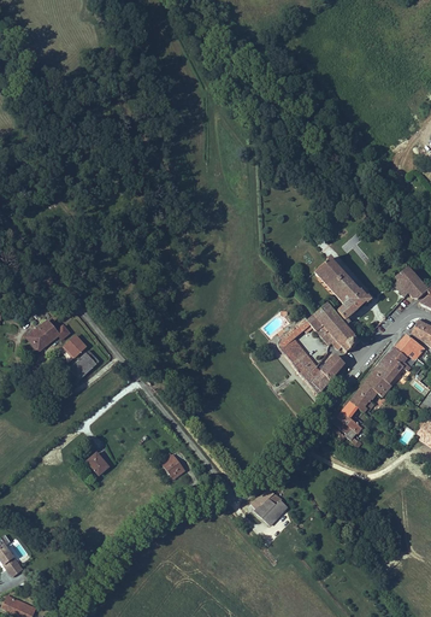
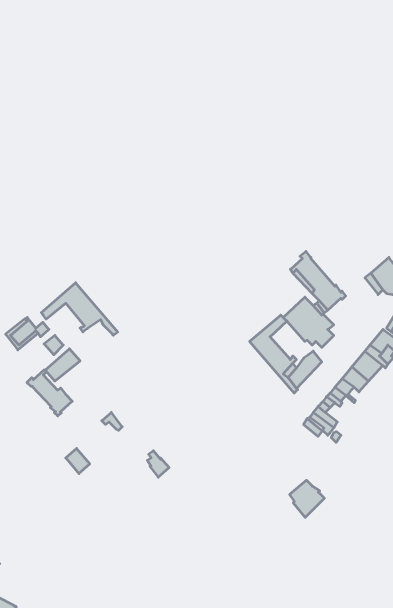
building: none -> [41,283,118,335]
building: none -> [27,370,72,416]
building: [254,487,289,524] -> [290,480,324,517]

